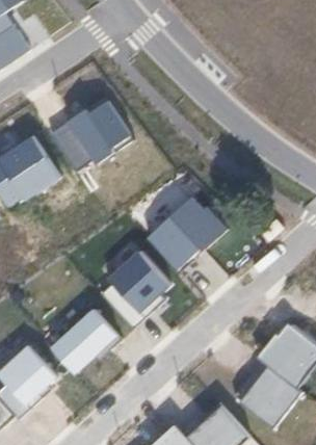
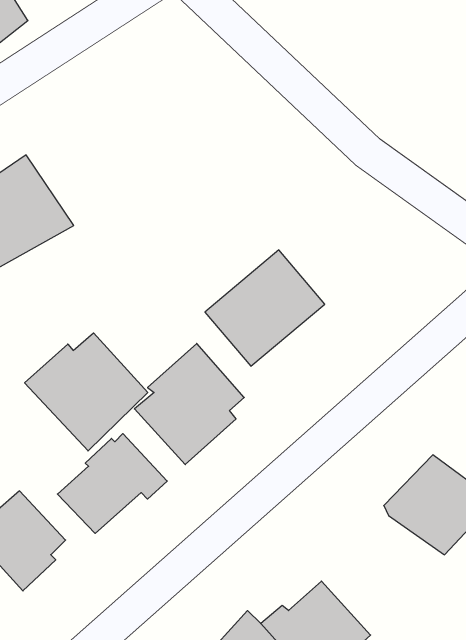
building: [51,96,128,173] -> none
building: none -> [25,333,148,451]
building: [233,362,300,428] -> none

